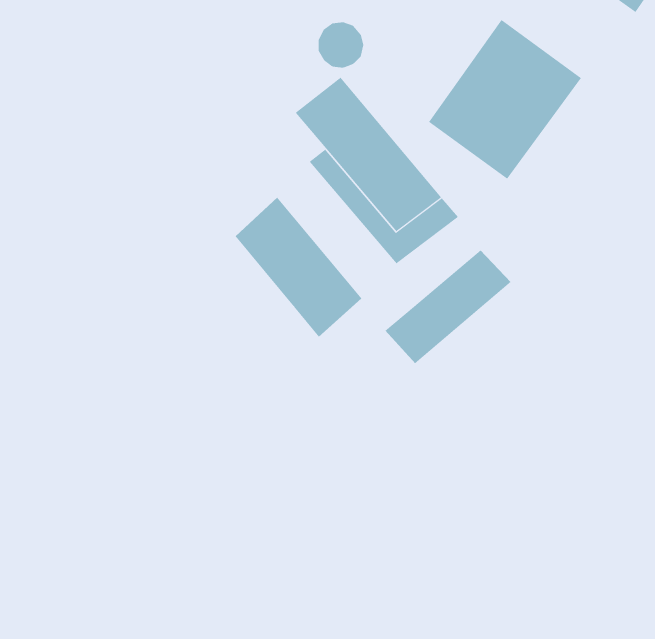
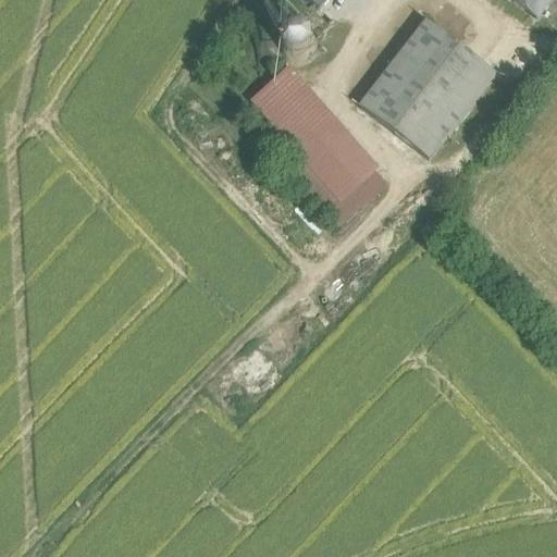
building: [235,197,362,338] -> none
building: [384,250,511,364] -> none

